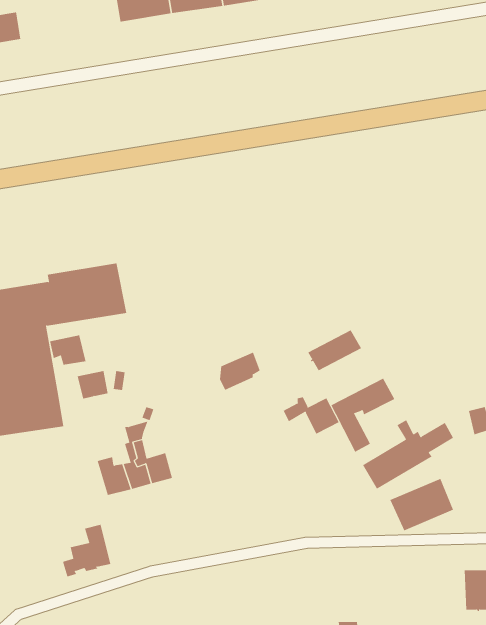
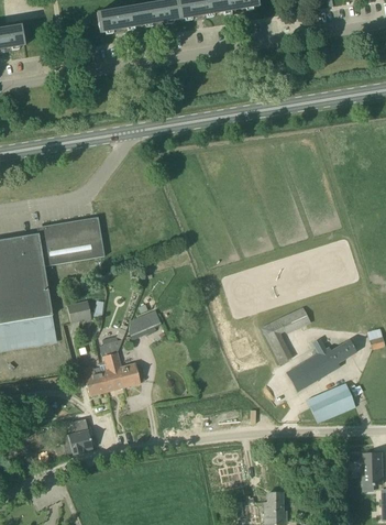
building: [308,330,362,371] -> none
building: [49,335,86,365] -> none
building: [219,352,261,391] -> [128,309,159,339]
building: [283,397,340,435] -> none

